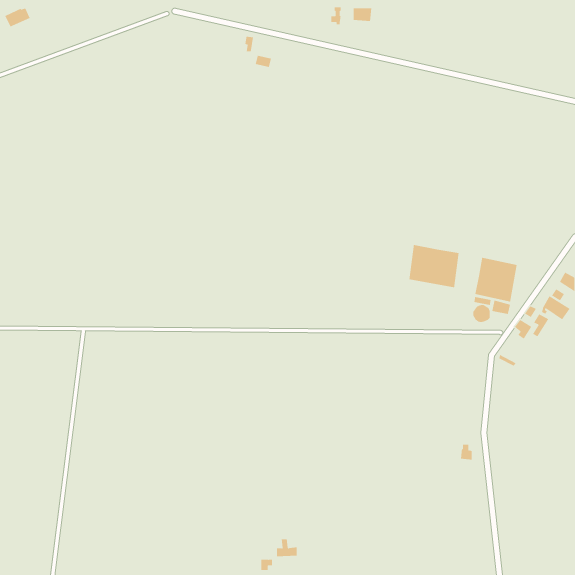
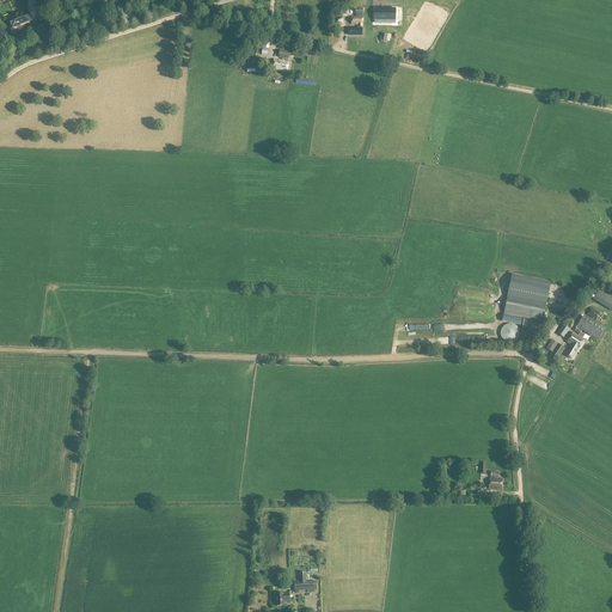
building: [409,244,459,288] -> none

